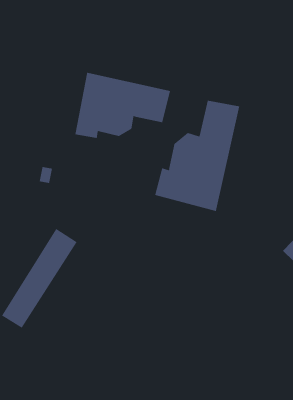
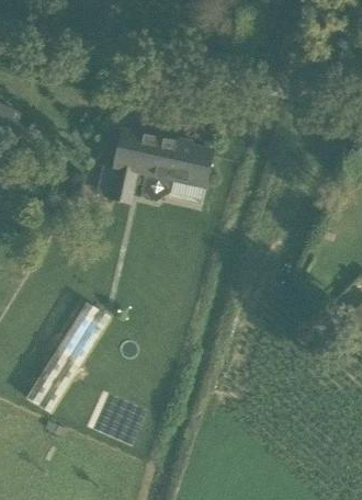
building: [154,100,240,212] -> none

